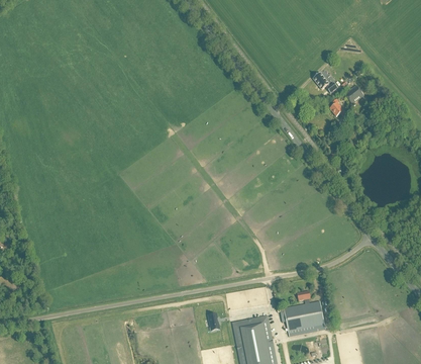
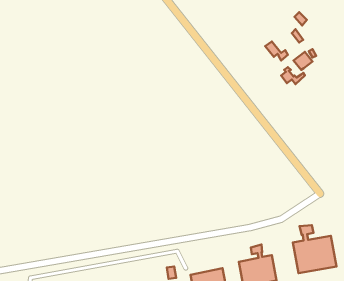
building: none -> [293,225,337,273]

